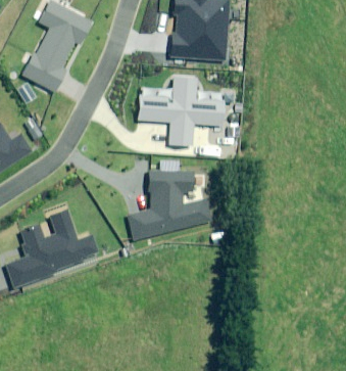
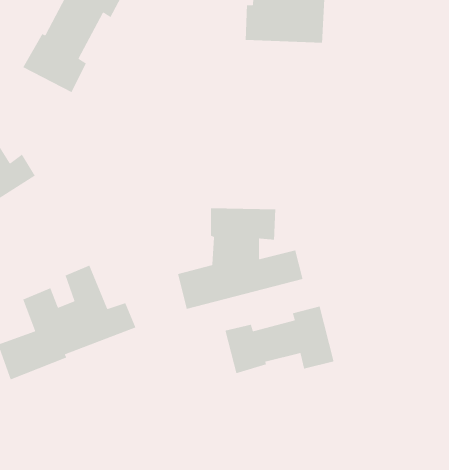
building: [138,77,221,145] -> none
building: none -> [225,306,335,374]

